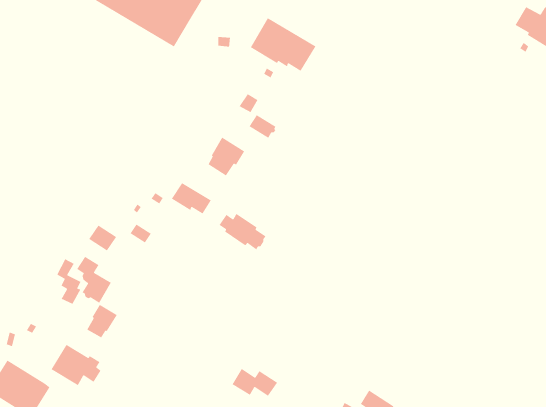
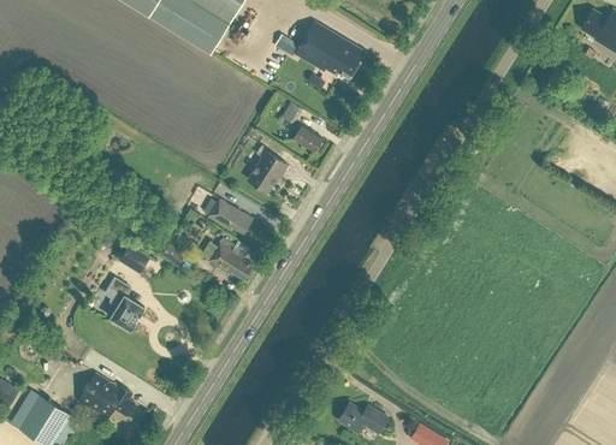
building: [219,213,266,251] -> [202,239,254,280]
building: [86,304,118,338] -> none
building: [231,368,278,397] -> [338,402,389,433]

